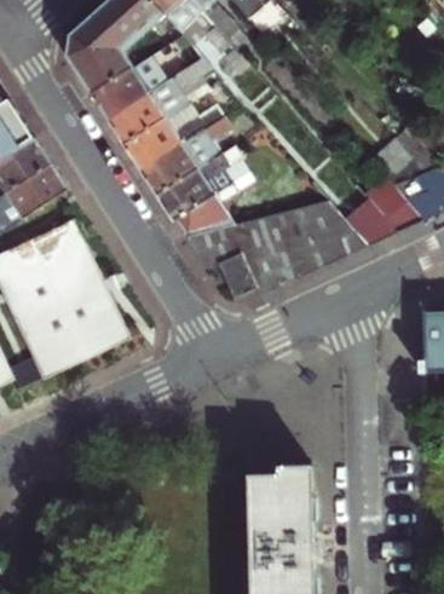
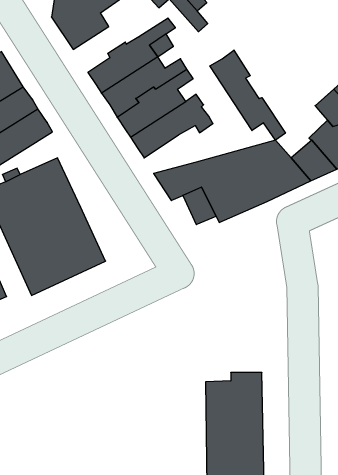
building: [91,54,167,120] -> none
building: none -> [210,50,285,140]
building: [173,192,233,237] -> none

